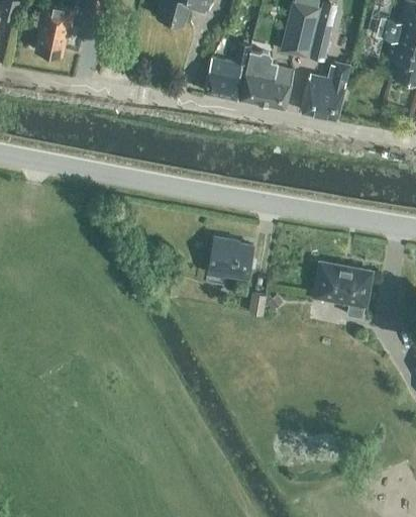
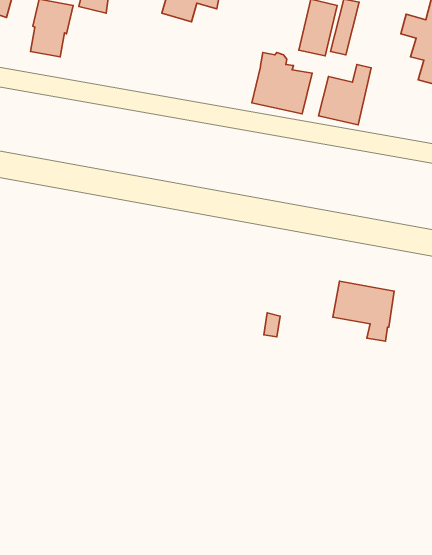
building: [205,40,252,98] -> none
building: [209,236,254,278] -> none

